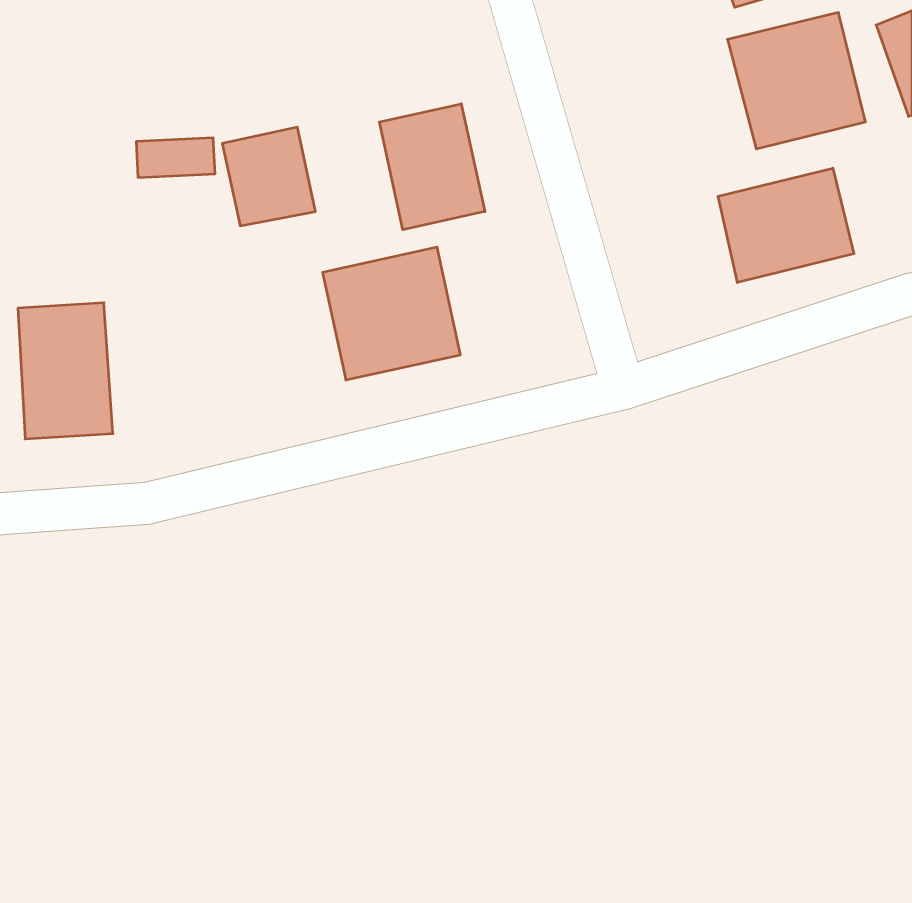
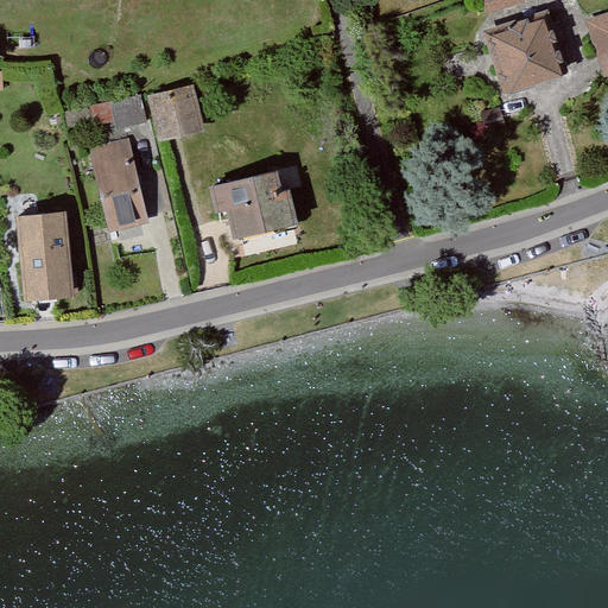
building: [379,104,485,230] -> none
building: [718,168,854,283] -> none
building: none -> [87,135,154,235]

